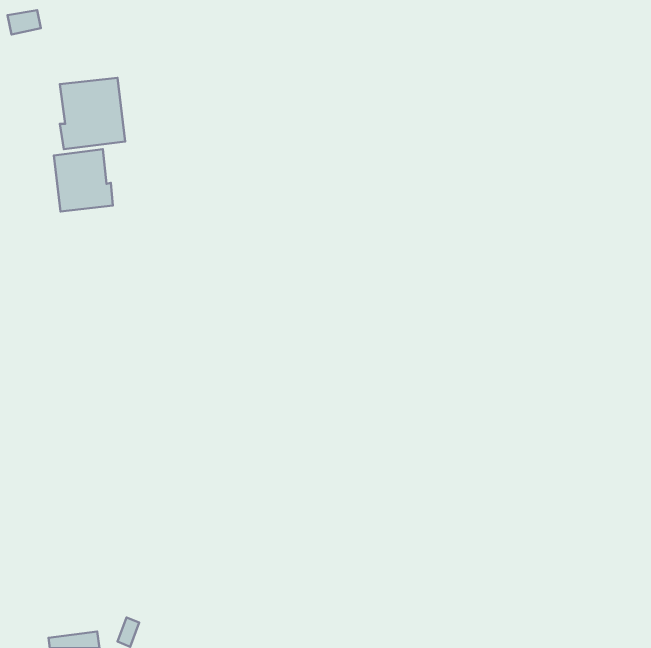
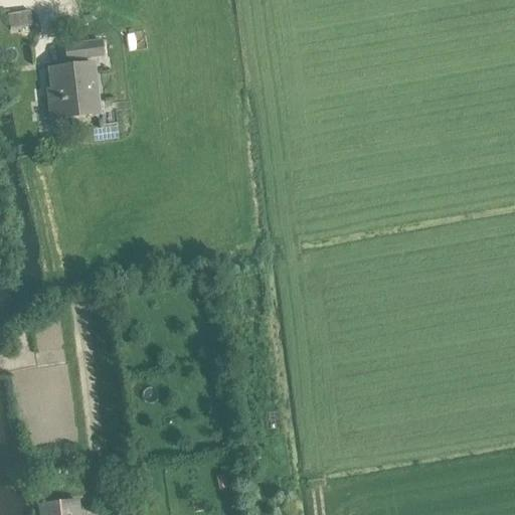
building: none -> [65,38,103,58]
building: [54,149,113,212] -> none

